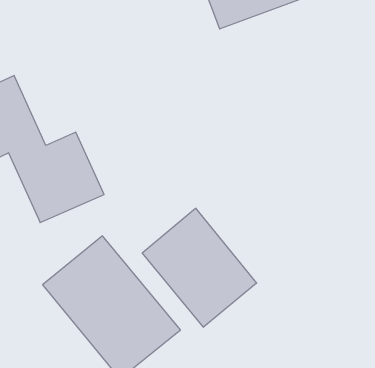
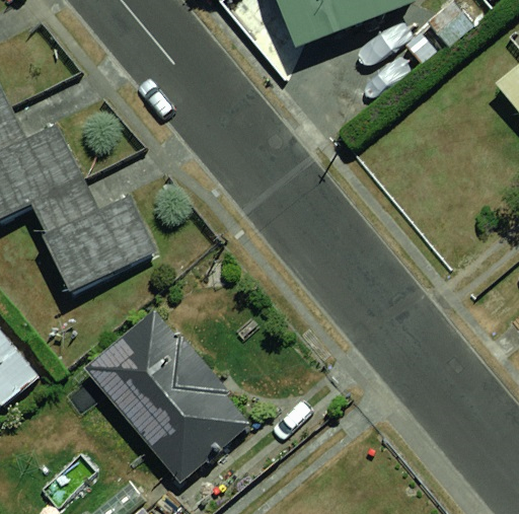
building: [142,208,257,327] -> none

